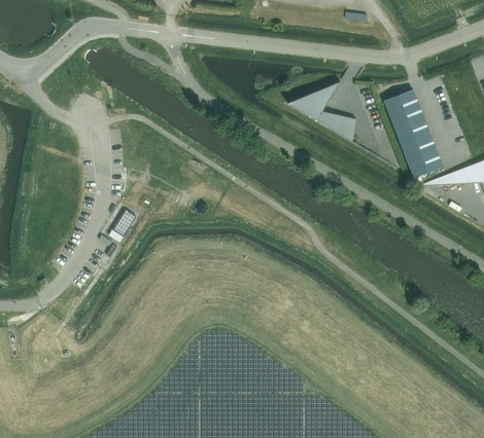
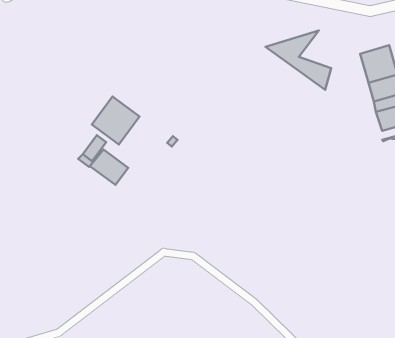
building: none -> [92,96,140,145]
building: none -> [90,149,128,185]

